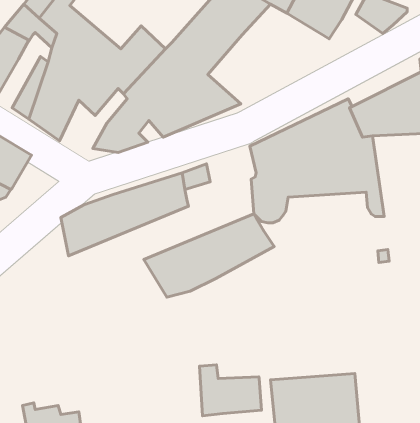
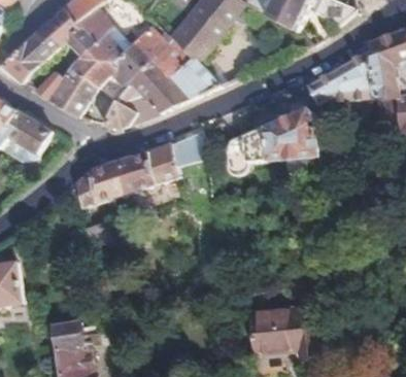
building: [144,214,274,297] -> none
building: [199,365,262,416] -> none

